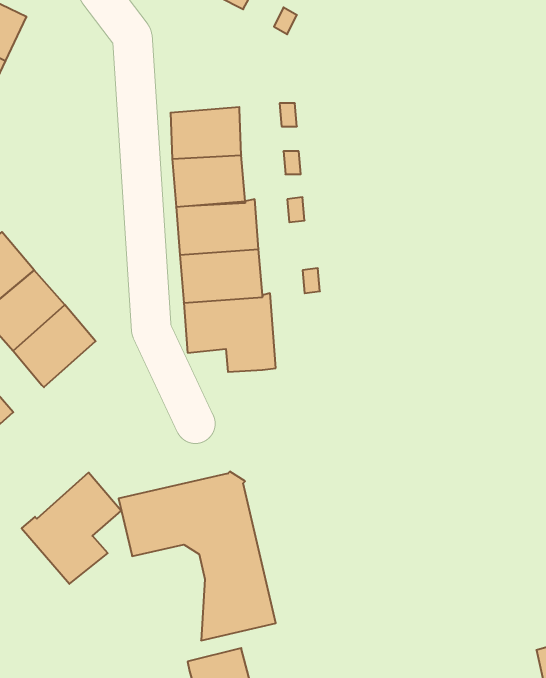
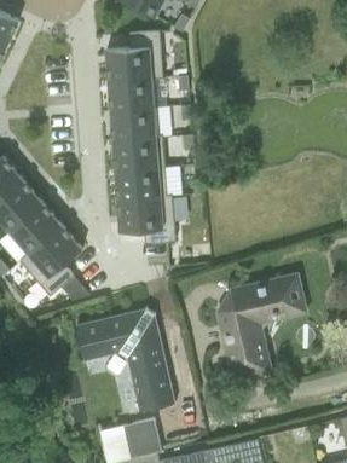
building: none -> [106,33,163,82]
building: none -> [215,274,305,382]
building: [22,473,121,584] -> [19,226,82,296]

